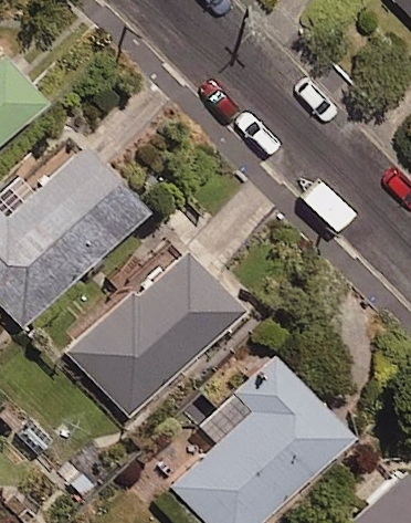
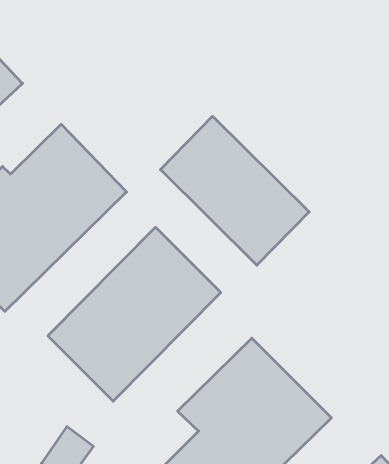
building: none -> [160,116,309,265]

